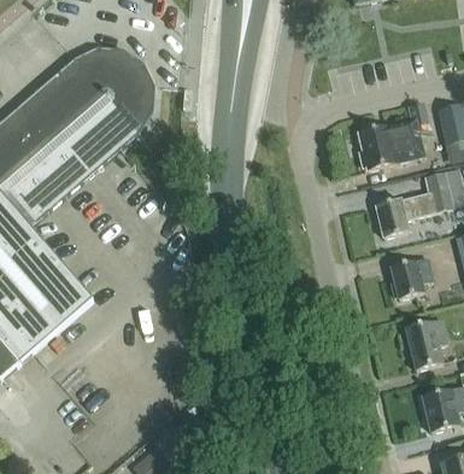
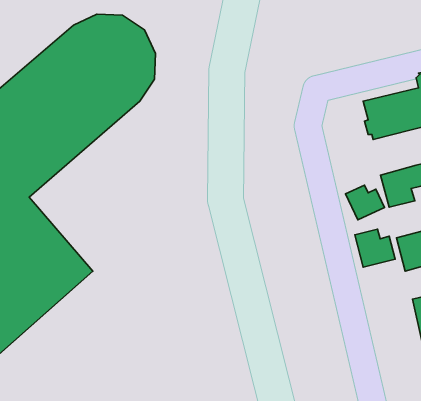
building: none -> [345,185,384,220]
building: none -> [355,229,395,267]

